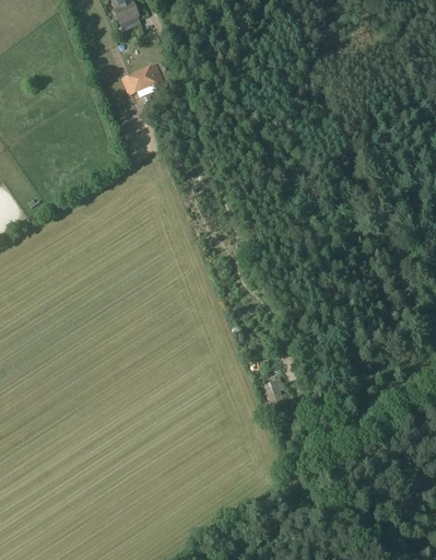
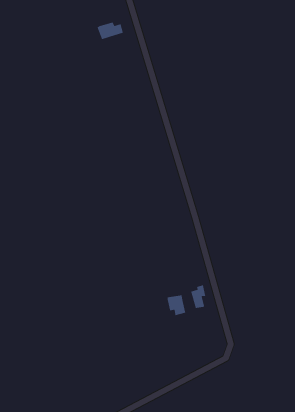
building: none -> [167,294,186,316]

